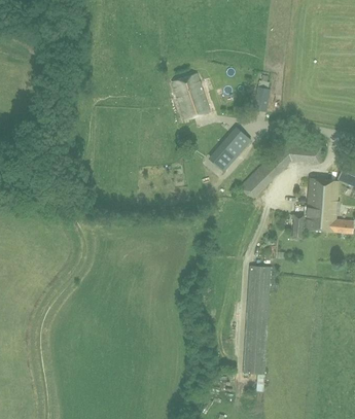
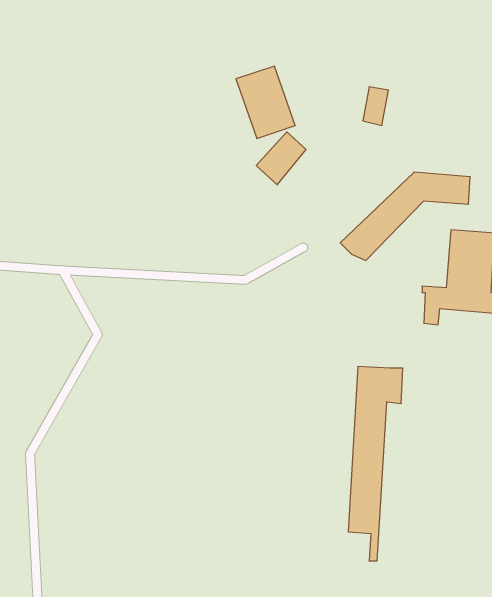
building: [210,137,242,171] -> [256,132,306,185]

